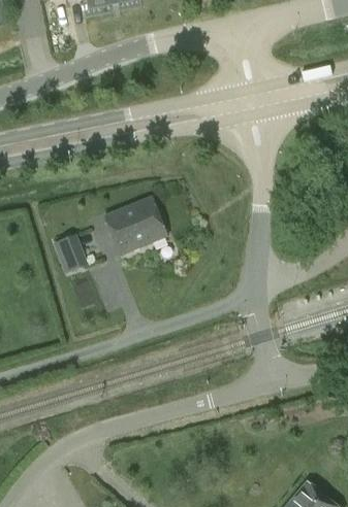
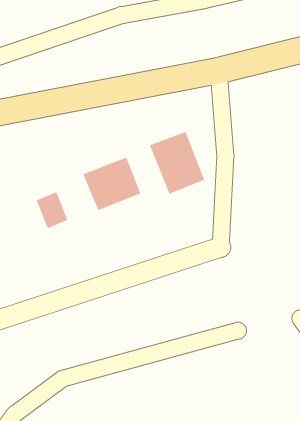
building: none -> [149,131,205,195]

